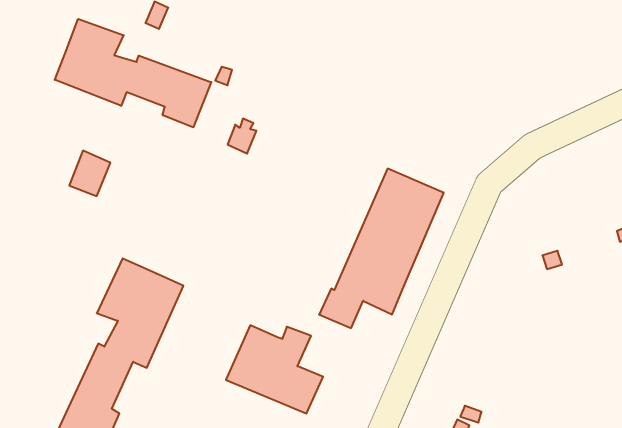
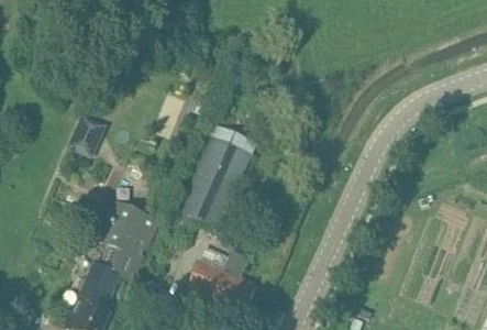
building: [55,19,211,127] -> none
building: [319,169,444,328] -> [166,123,256,239]

